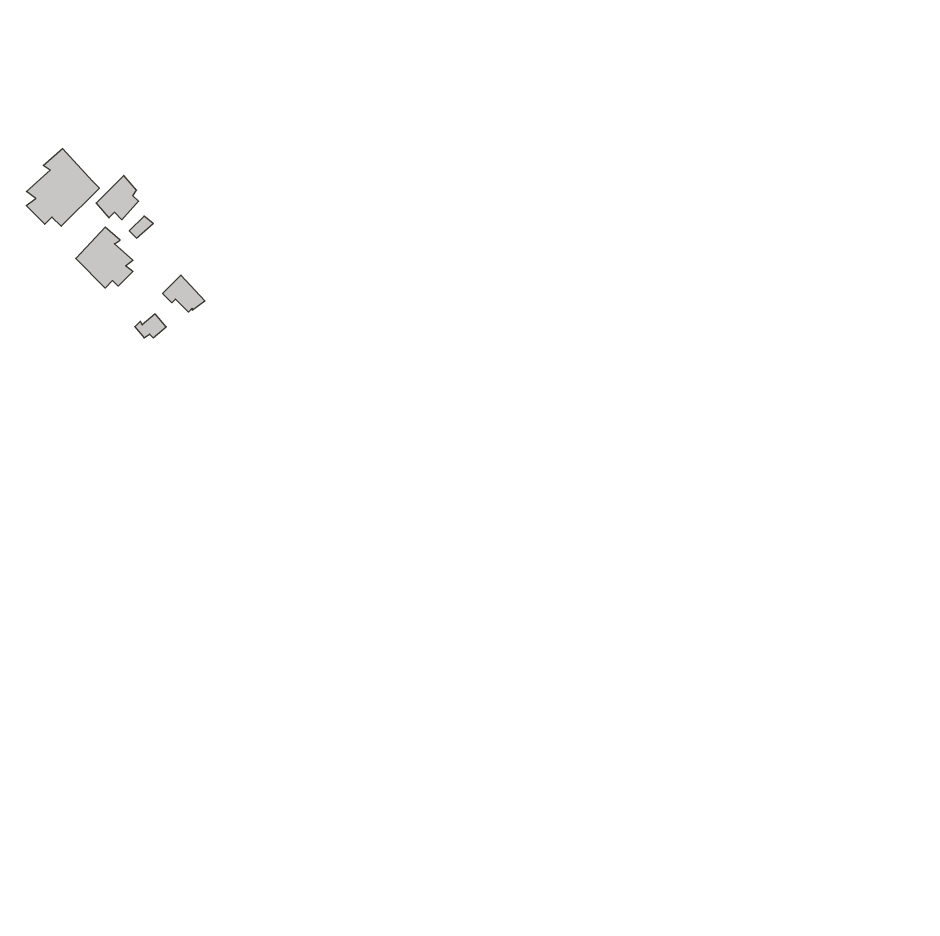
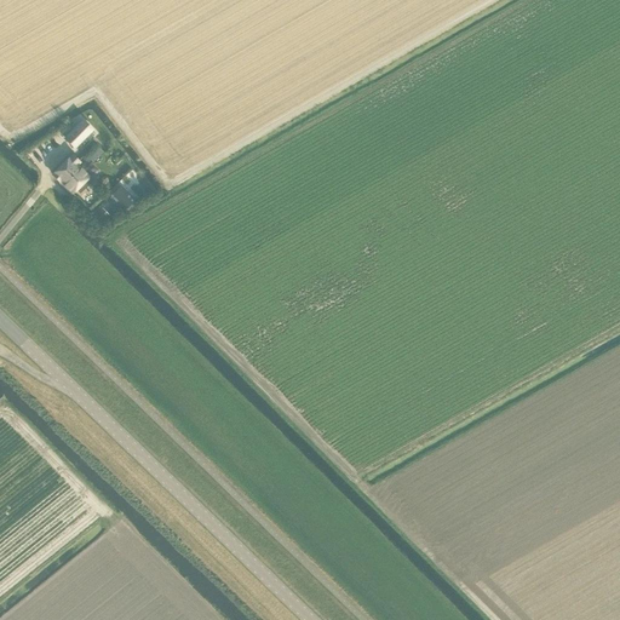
building: [26,149,99,226] -> none

